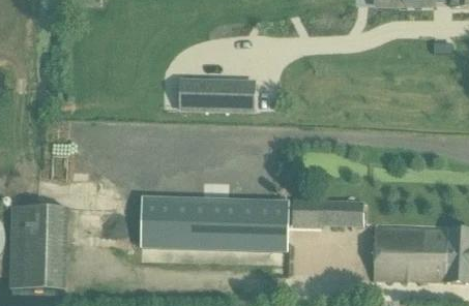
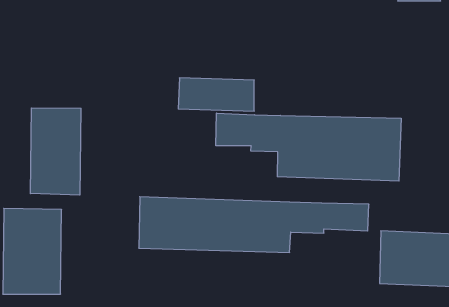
building: none -> [30,108,81,195]
building: none -> [216,113,401,181]

